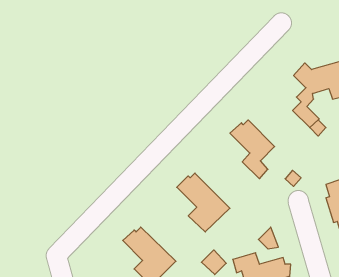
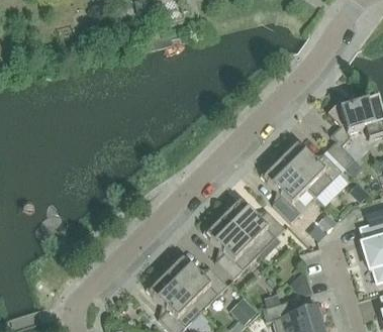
building: none -> [279,140,342,197]
building: none -> [222,197,285,253]
building: none -> [165,254,227,310]

